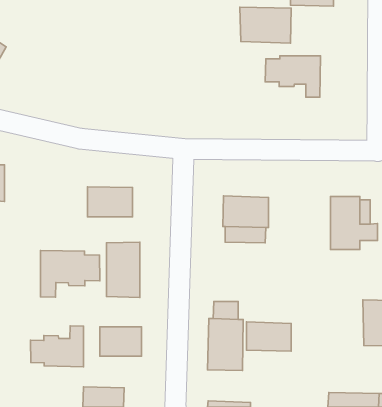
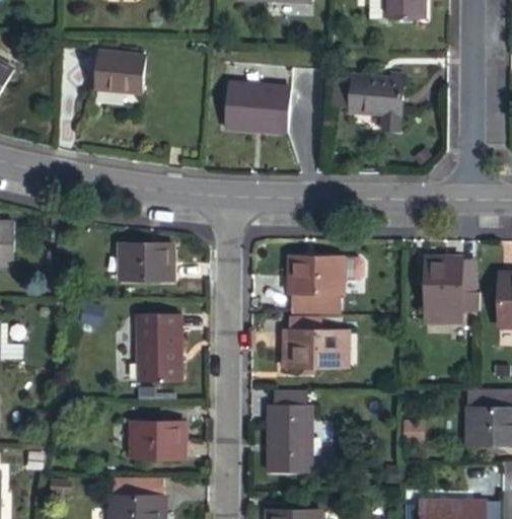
building: [240,7,291,43] -> [233,90,297,135]
building: none -> [100,59,147,100]
building: [40,250,100,297] -> none
building: [246,322,291,351] -> [285,331,341,368]
building: [30,326,84,367] -> none

